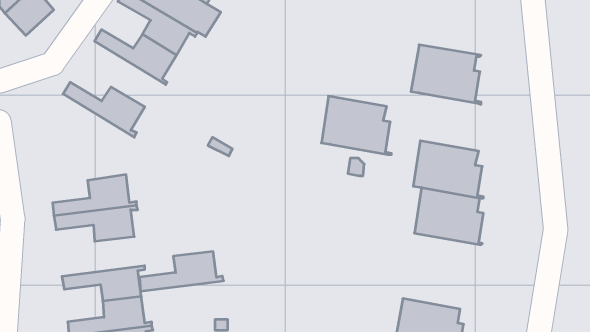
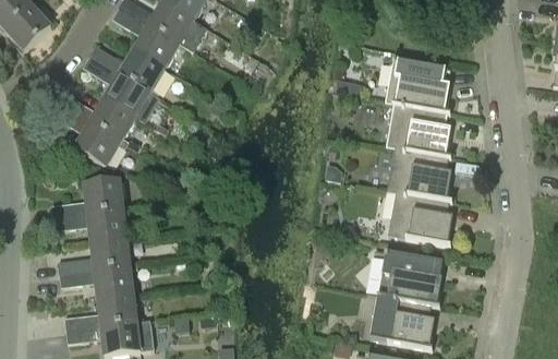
building: none -> [83,55,160,121]
building: none -> [53,104,126,166]
building: [321,96,391,155] -> [386,103,451,157]
building: none -> [377,250,441,306]
building: [139,252,224,291] -> [58,237,136,274]

